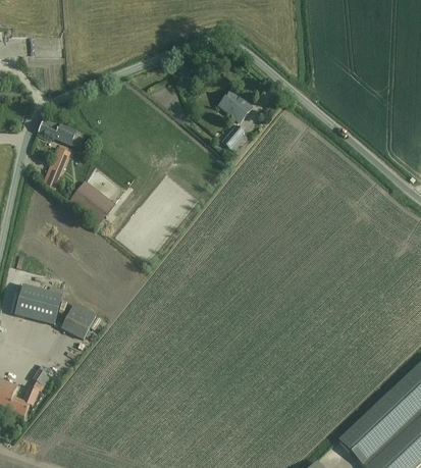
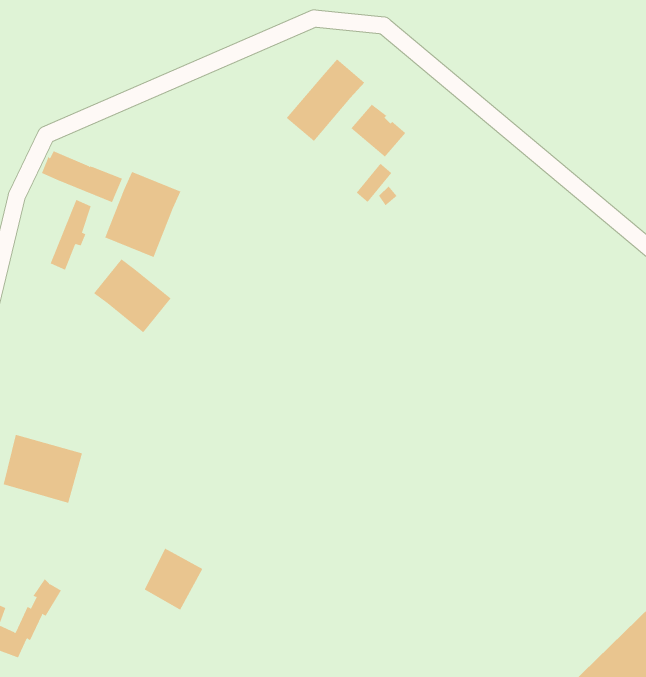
building: none -> [286,59,365,142]
building: none -> [104,171,181,258]
building: [61,302,96,339] -> [144,548,203,610]

